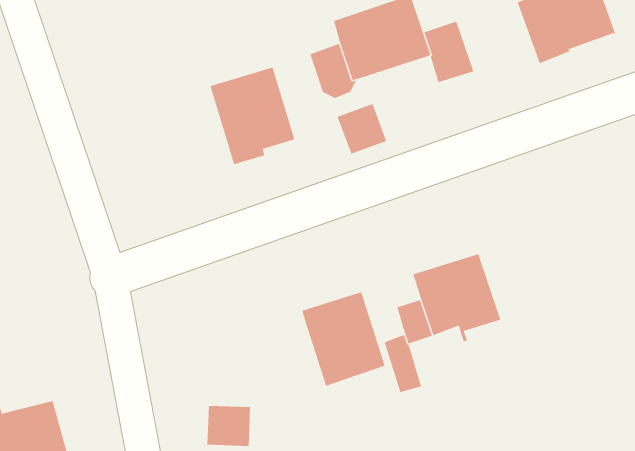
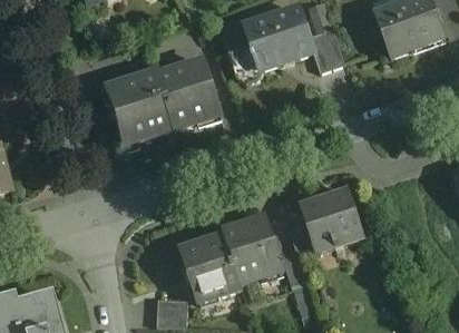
building: none -> [107,70,176,141]
building: [337,103,387,155] -> none
building: none -> [183,236,242,302]

